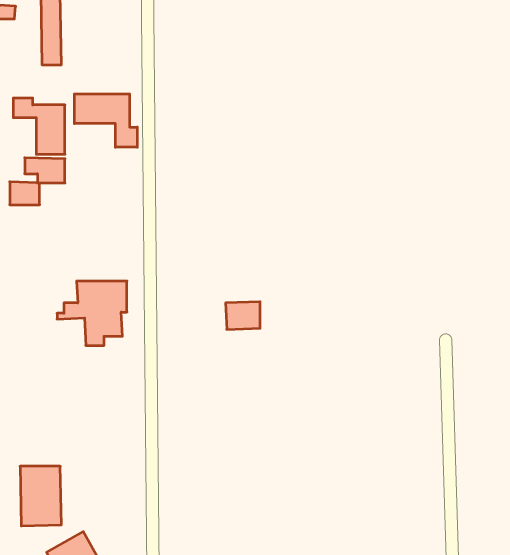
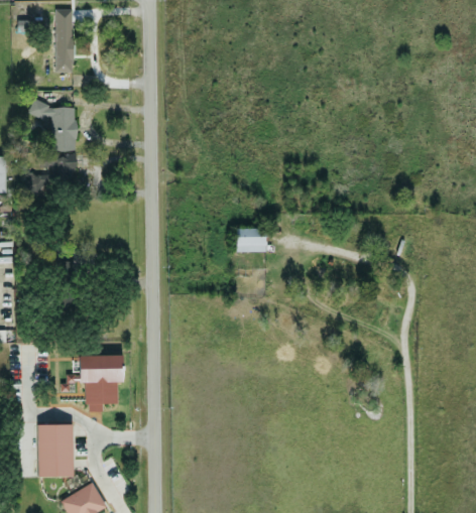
building: [74,94,137,147] -> none
building: [57,281,127,345] -> [61,356,122,412]
building: [226,302,260,329] -> [235,229,265,253]

